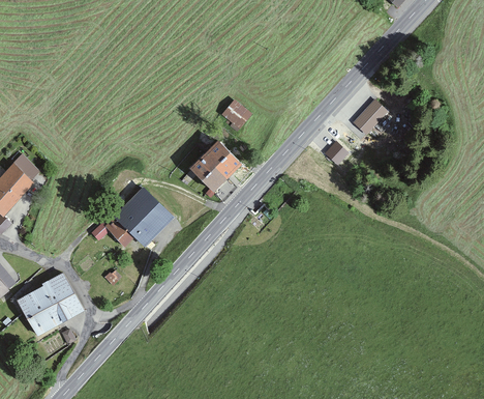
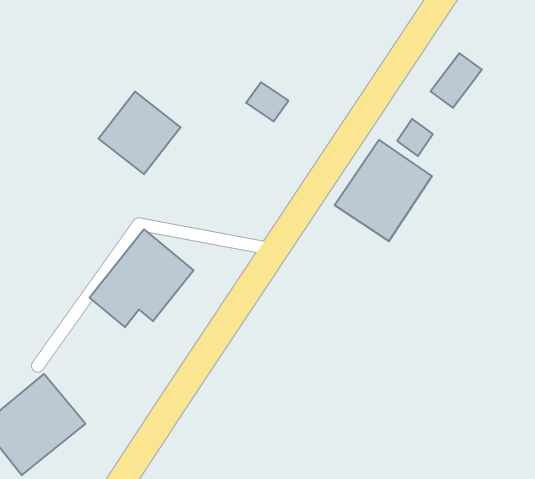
building: [182,136,239,193] -> [98,92,181,174]
building: none -> [335,140,432,241]

